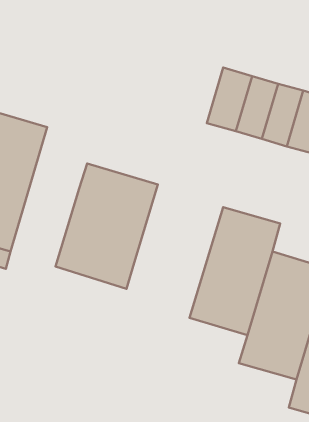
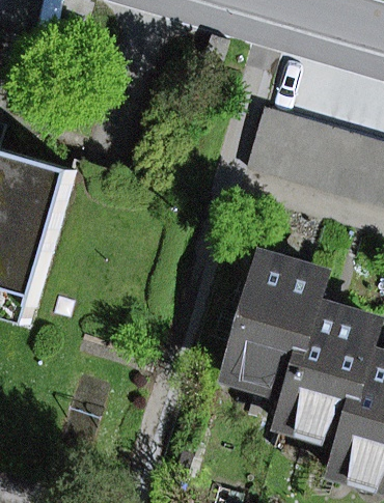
building: [55,164,158,289] -> none

